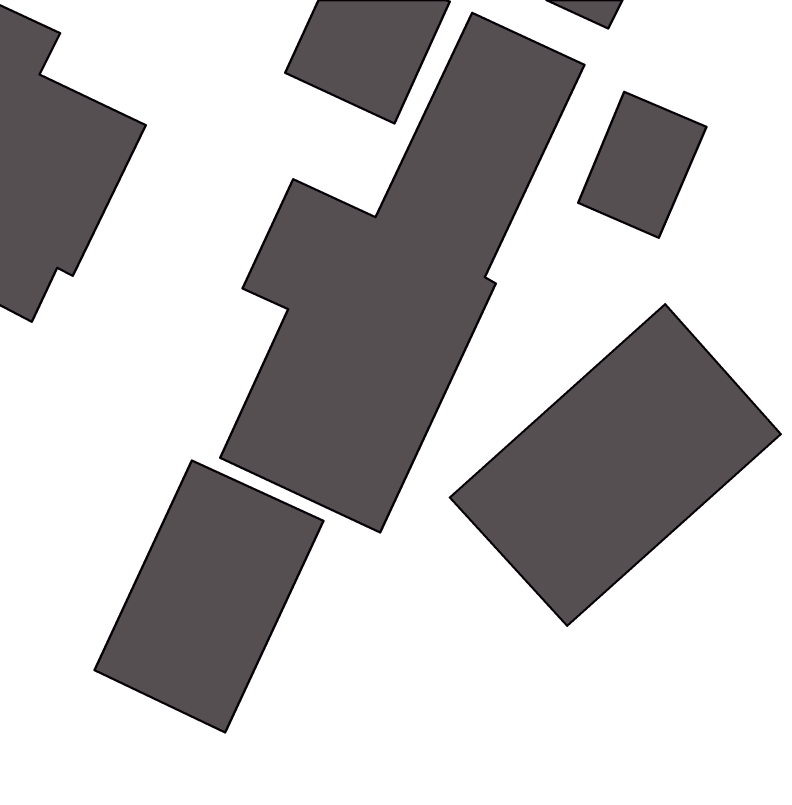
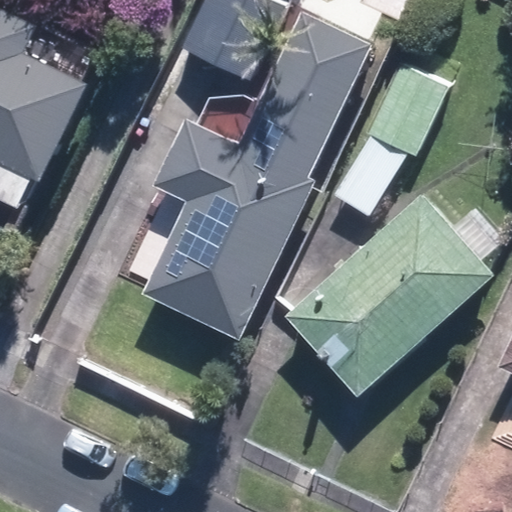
building: [94,460,323,732] -> none

